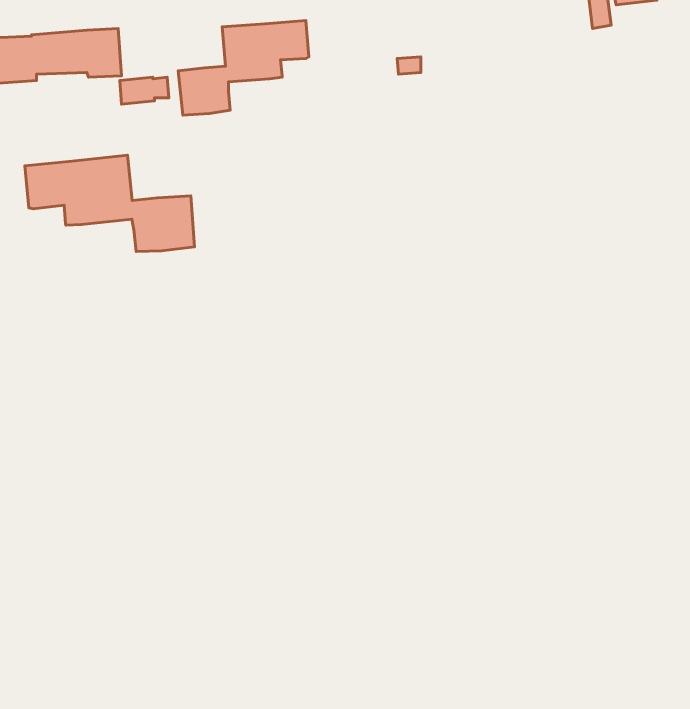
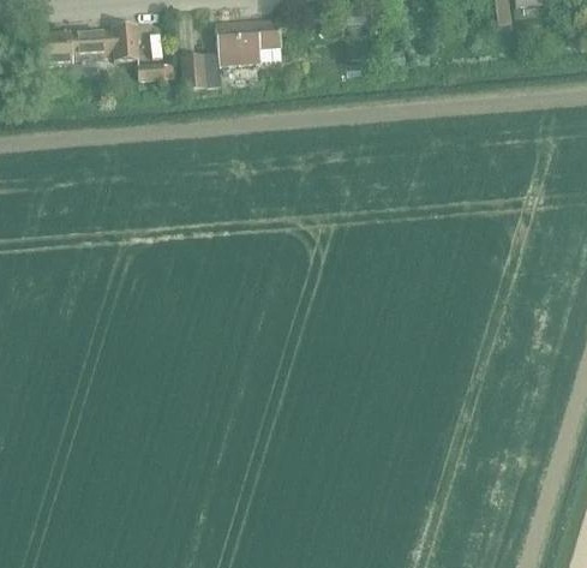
building: [25,155,194,252] -> none

